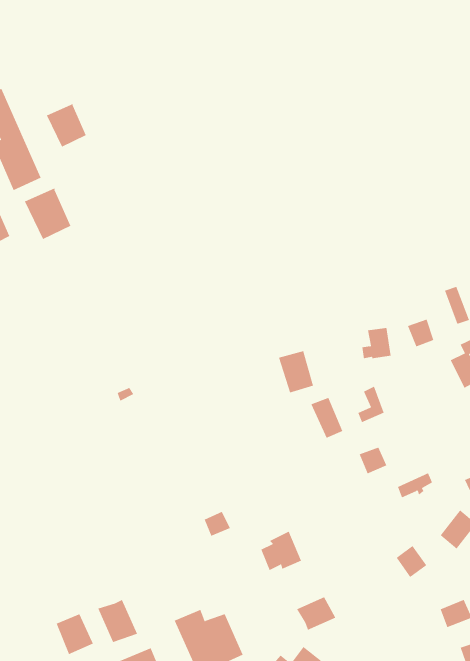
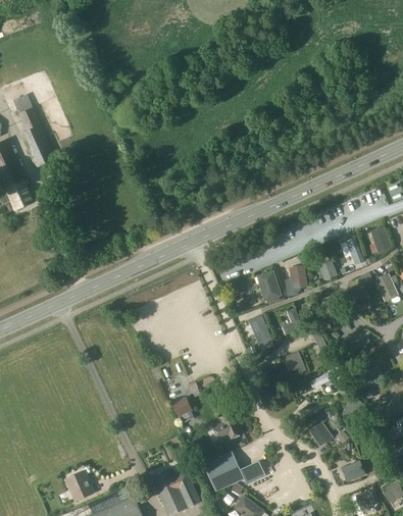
building: [46,103,86,147] -> none
building: [24,187,71,240] -> none
building: [278,350,314,393] -> [257,271,283,302]
building: none -> [203,452,245,491]
building: [97,599,138,643] -> none

